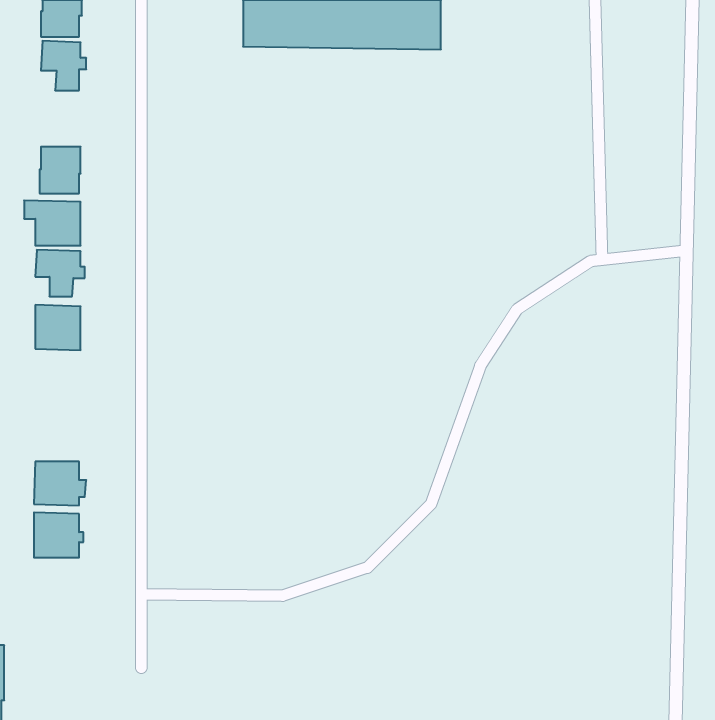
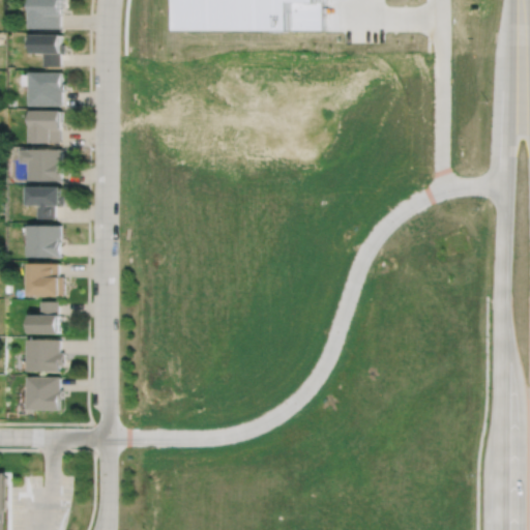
building: none -> [27,71,63,105]
building: none -> [29,263,63,295]
building: none -> [29,301,59,333]

